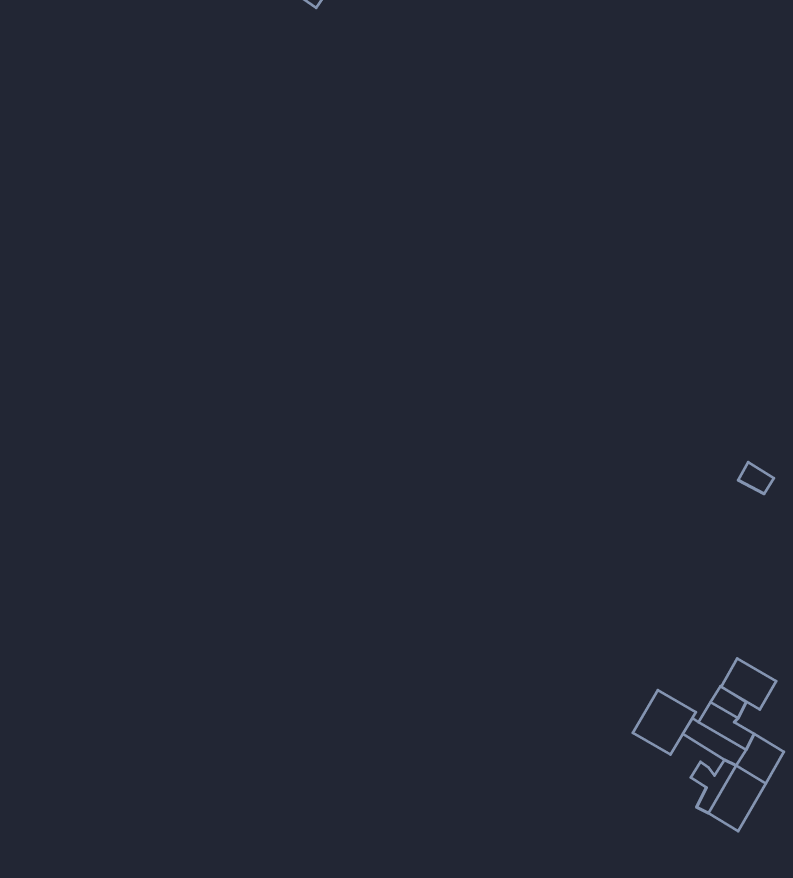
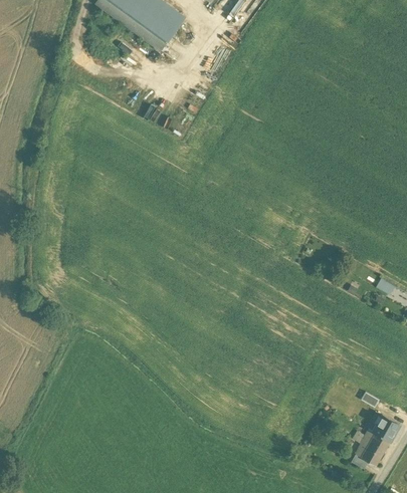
building: [721,658,776,709] -> none
building: [633,690,696,755] -> none

